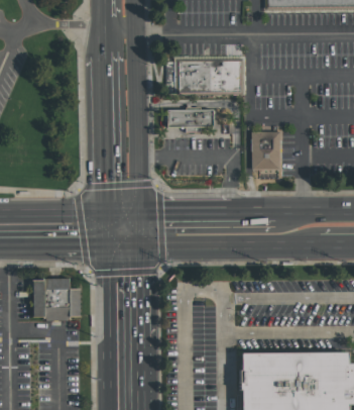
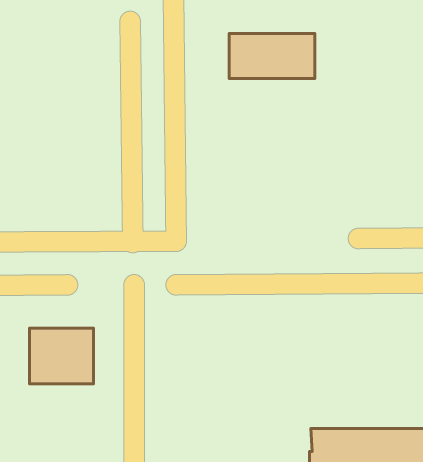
building: [167,110,213,128] -> none
building: [252,130,282,170] -> none

